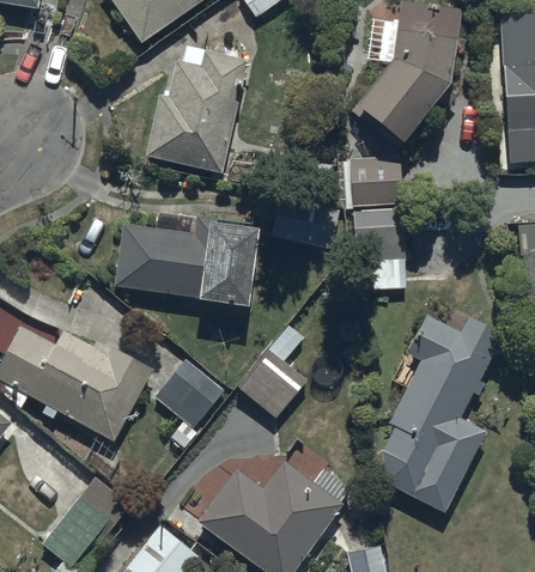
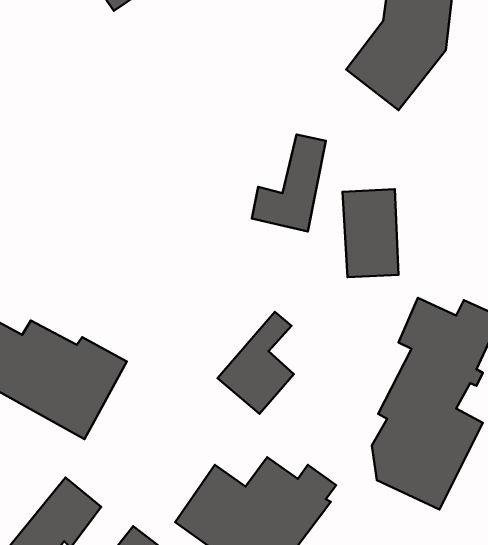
building: [144,49,248,172] -> none
building: [347,156,402,207] -> none
building: [115,211,261,299] -> none
building: [154,359,221,451] -> none

